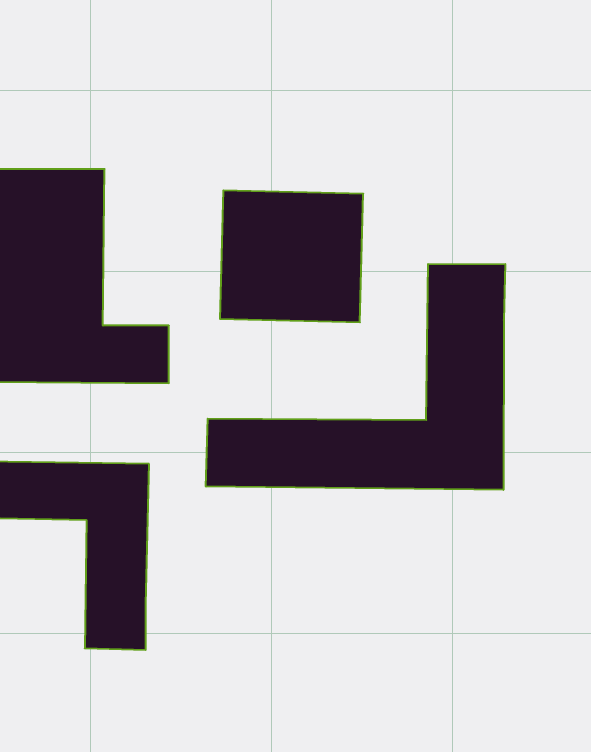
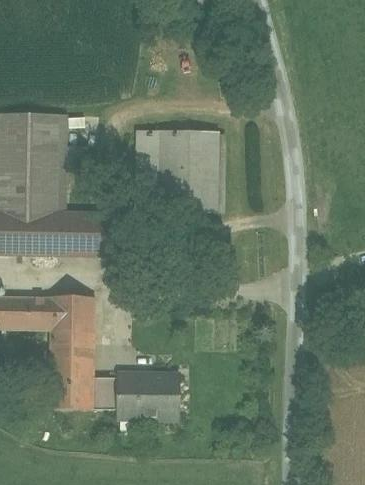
building: [206,264,505,490] -> none
building: none -> [91,372,179,420]

